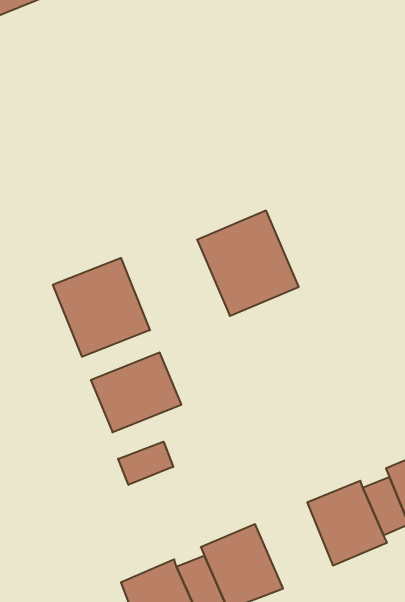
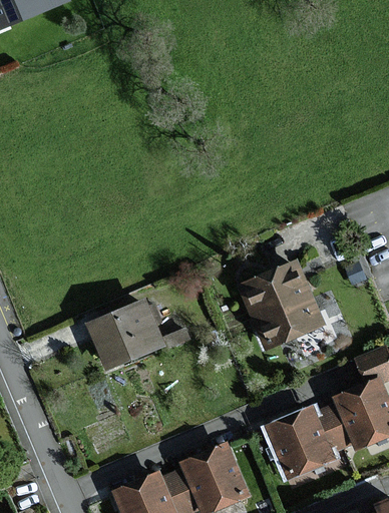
building: [197,211,299,316] -> [240,262,324,349]
building: [53,258,150,357] -> none
building: [118,442,173,485] -> none

